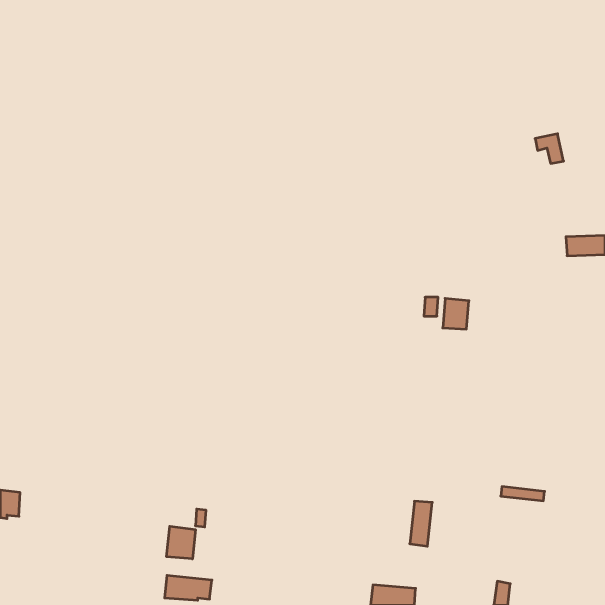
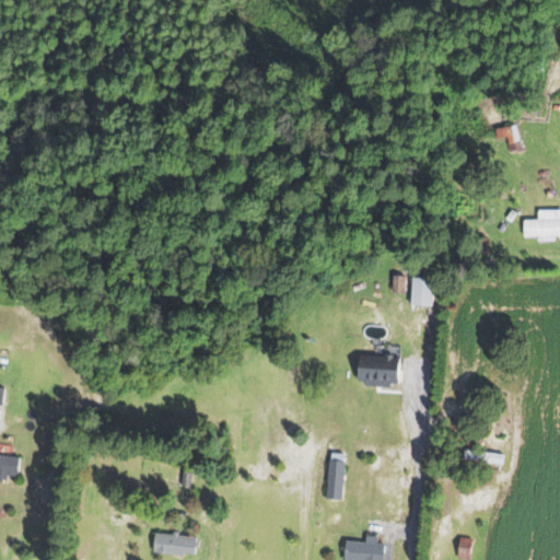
building: none -> [358,355,398,387]
building: [410,501,432,546] -> [324,458,345,500]
building: [167,526,195,559] -> none

